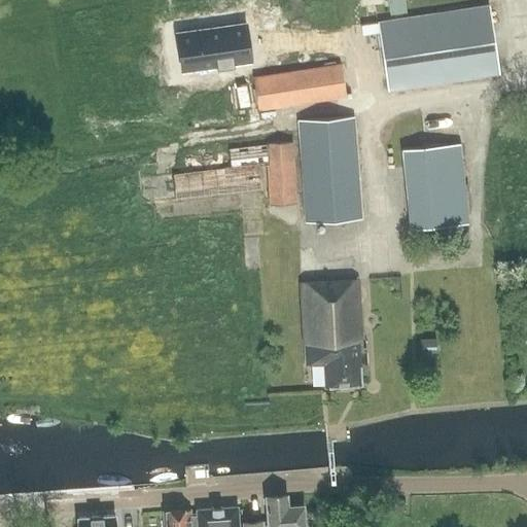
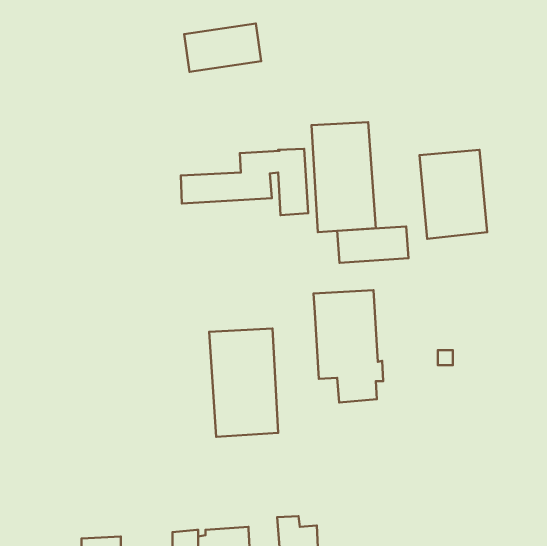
building: [379,7,499,92] -> none
building: [248,64,343,109] -> none
building: none -> [337,226,409,263]
building: none -> [209,328,278,437]

